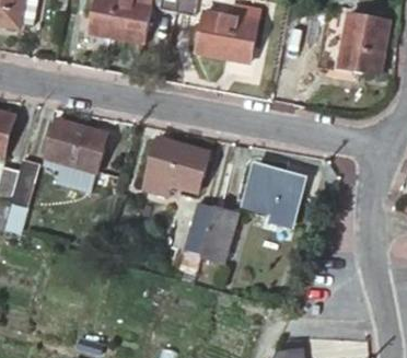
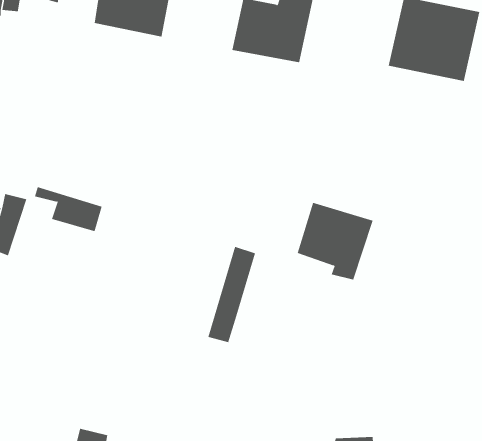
building: [45,118,108,170] -> none
building: [143,138,209,195] -> none
building: [200,206,240,261] -> none

